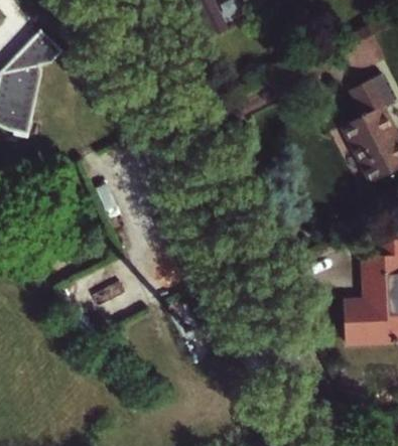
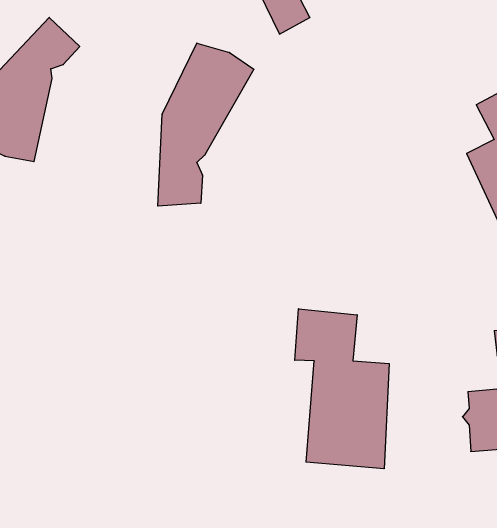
building: none -> [158,43,254,206]
building: none -> [295,309,389,469]

